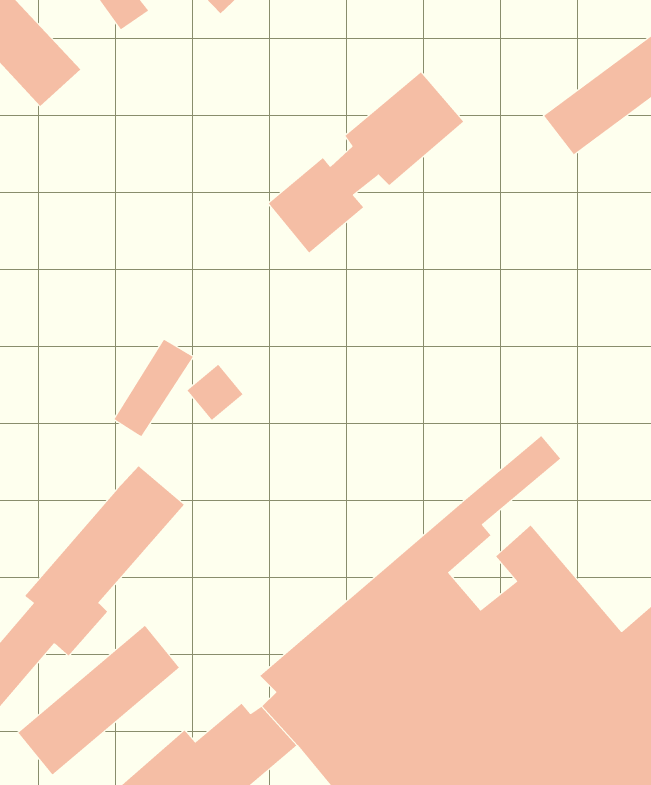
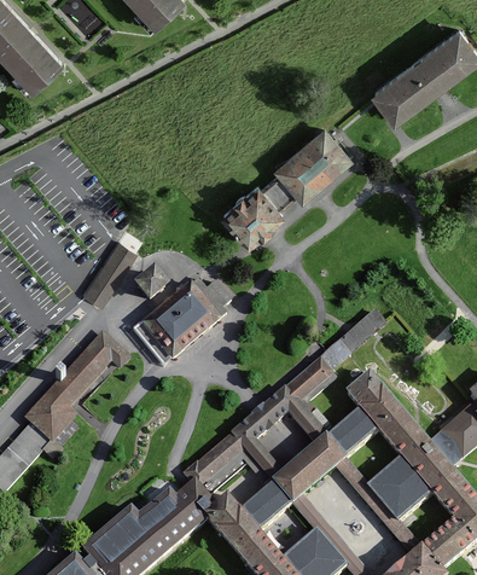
building: [268,72,464,254] -> [220,130,353,254]
building: none -> [132,277,234,367]
building: [17,625,180,776] -> none

